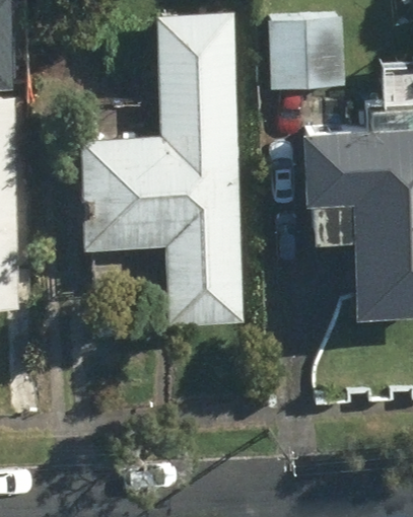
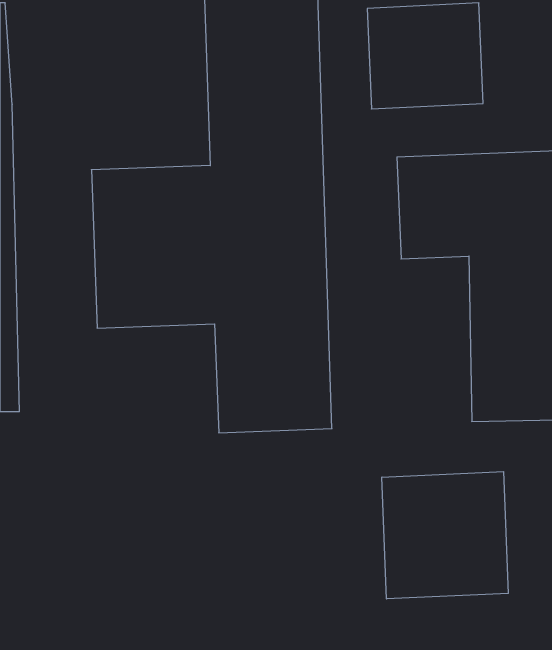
building: none -> [382,472,508,599]

